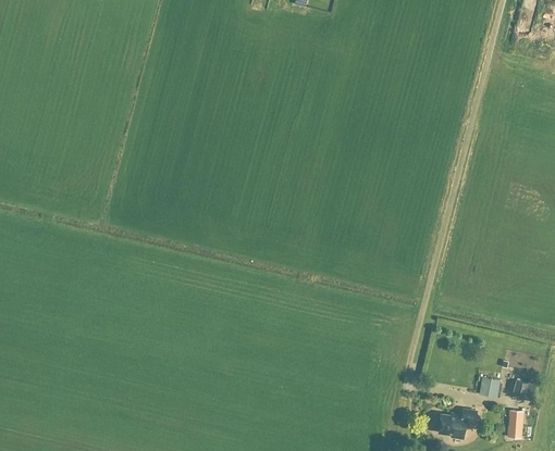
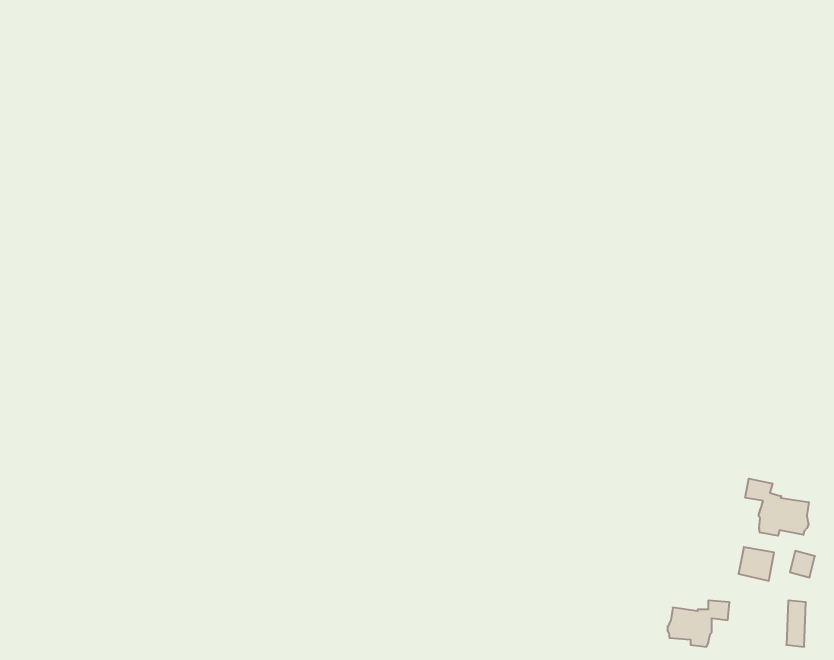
building: none -> [745,479,809,536]

